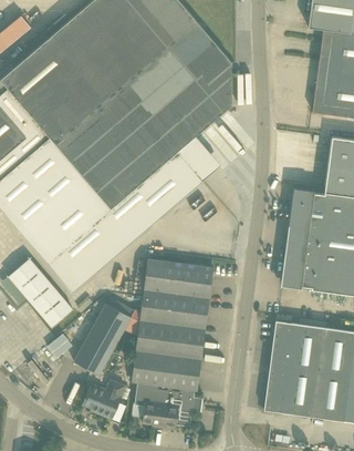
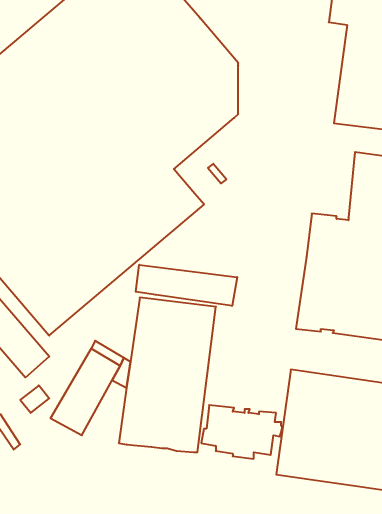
building: none -> [136,265,237,306]
building: [82,379,125,419] -> none
building: [131,383,199,429] -> [201,405,283,459]

